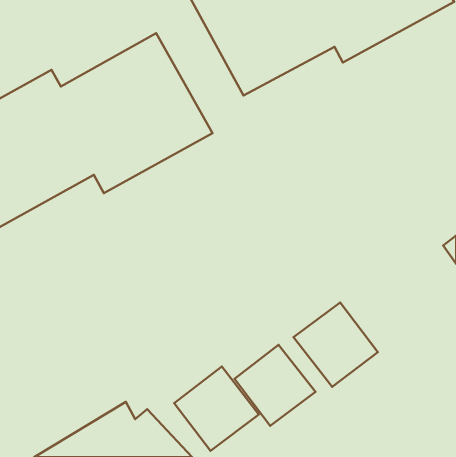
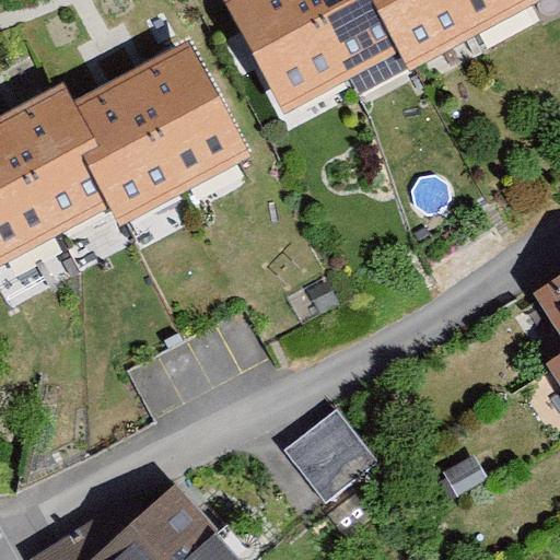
building: [294,302,378,387] -> none
building: [174,367,259,451] -> none

